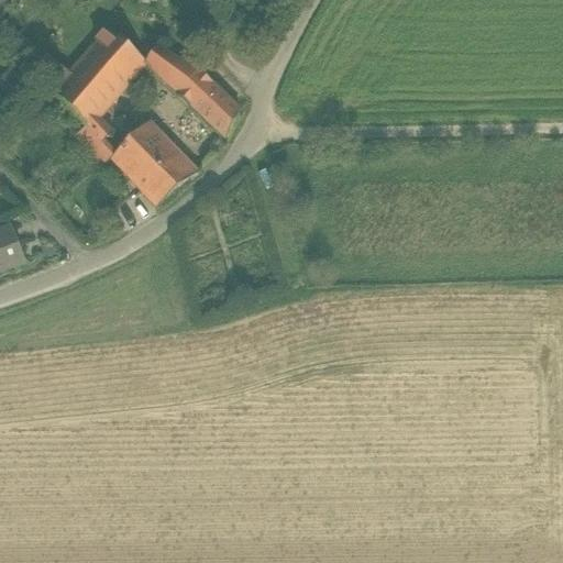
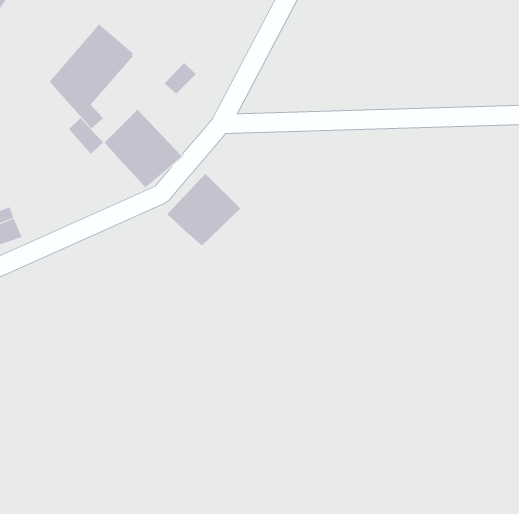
building: [143,43,199,90] -> none
building: [190,80,239,134] -> none
building: none -> [167,172,241,247]

